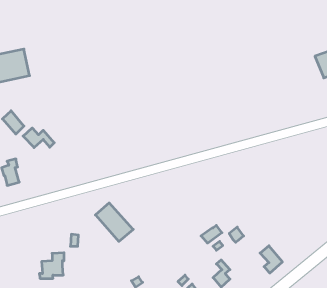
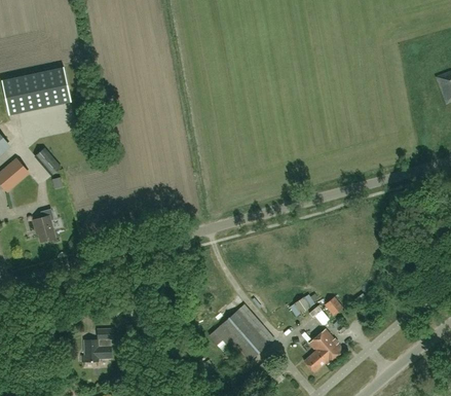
building: [23,128,54,148] -> none
building: [95,203,133,241] -> [220,310,268,359]
building: [260,246,282,273] -> [314,328,343,363]

